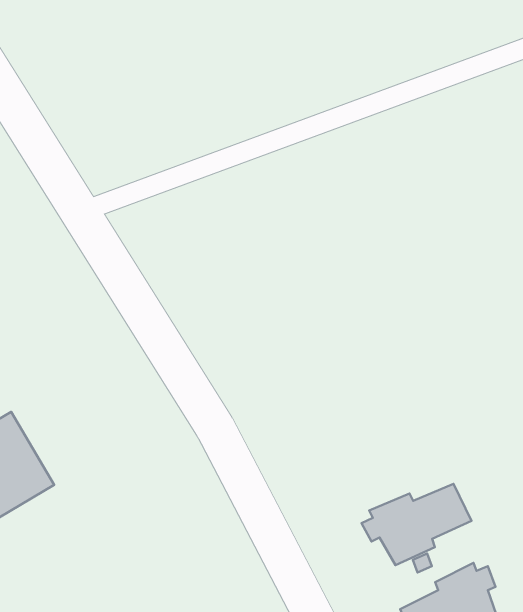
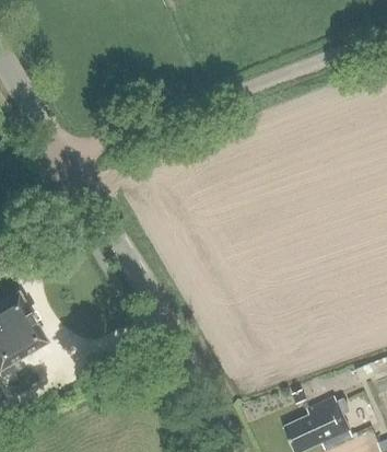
building: [362,484,471,565] -> none

